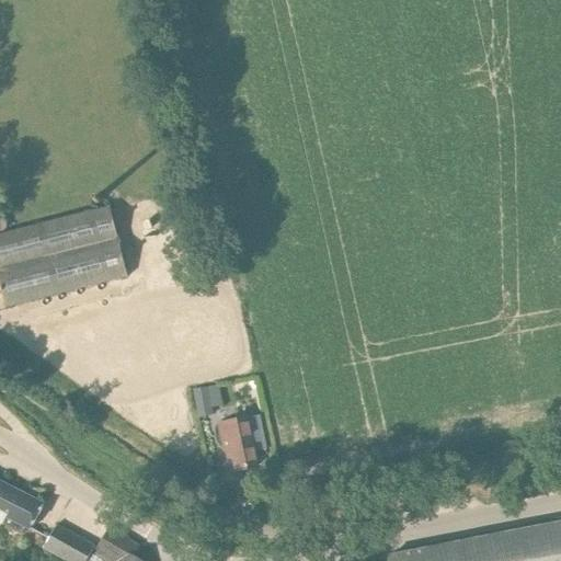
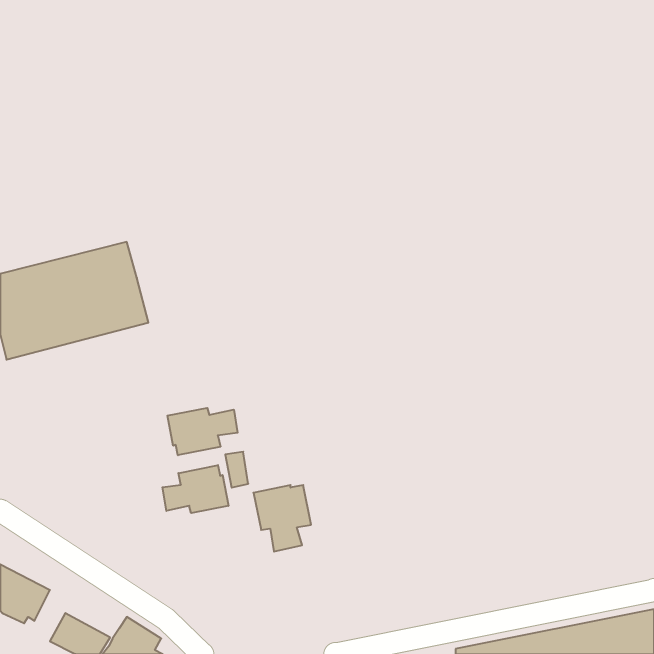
building: none -> [167,408,238,455]
building: none -> [162,465,228,513]

